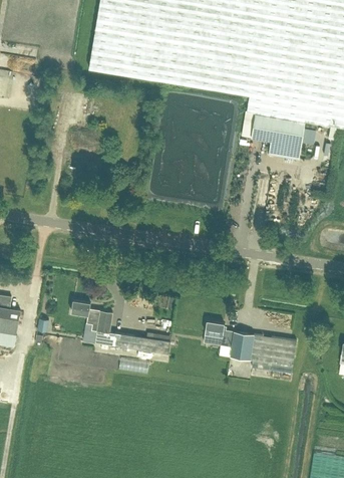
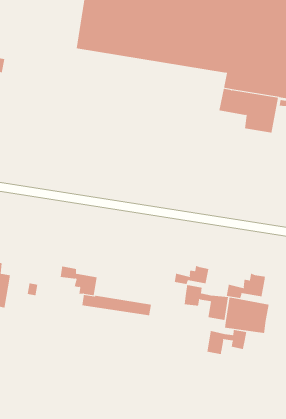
building: none -> [174,265,209,285]
building: none -> [226,273,266,299]
building: none -> [207,329,247,355]

